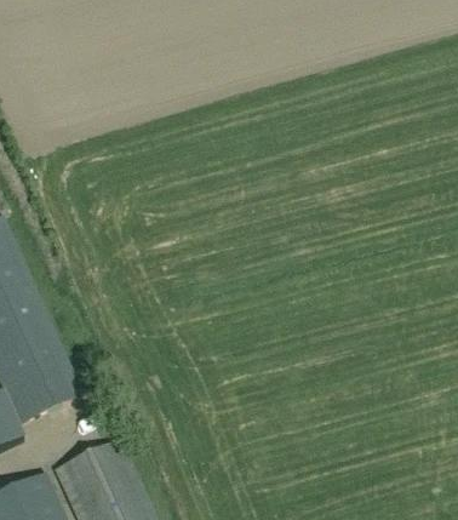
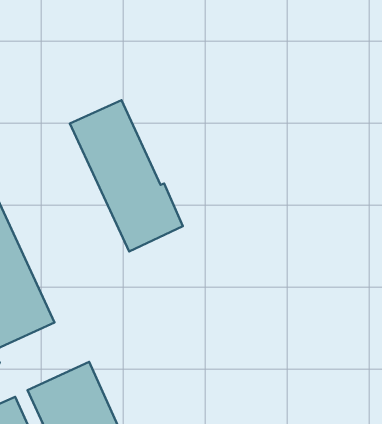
building: none -> [70,100,183,251]

